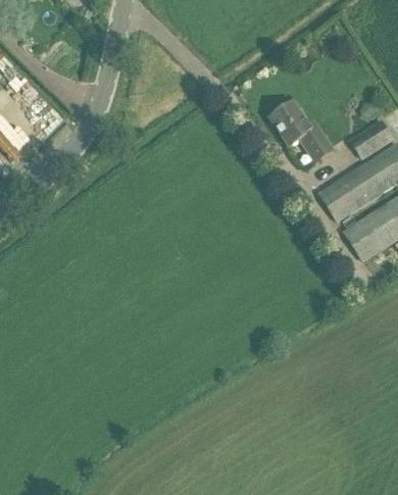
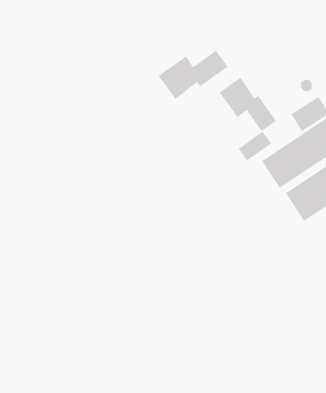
building: none -> [158,50,228,100]
building: none -> [238,131,272,161]

